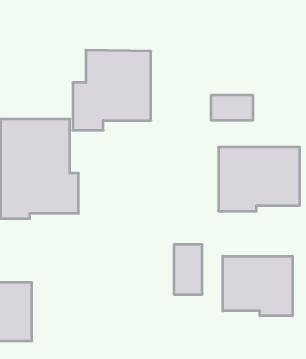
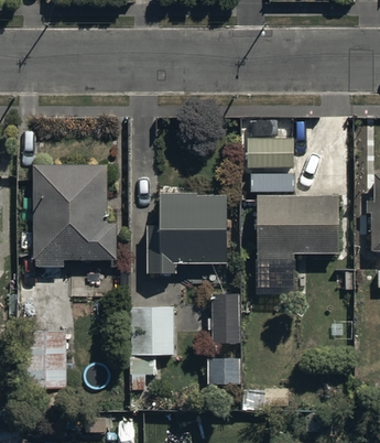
building: [73,50,151,130] -> [148,191,227,272]
building: [223,256,292,316] -> none
building: none -> [130,307,175,358]

